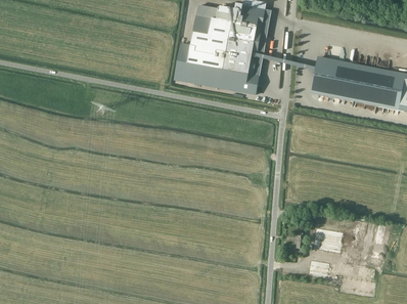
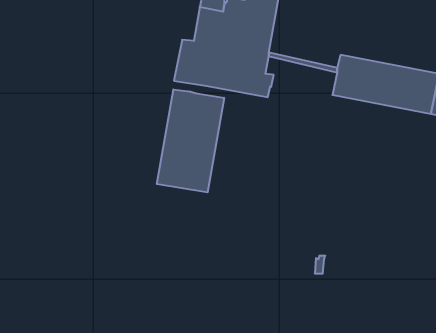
building: none -> [157,89,224,192]

